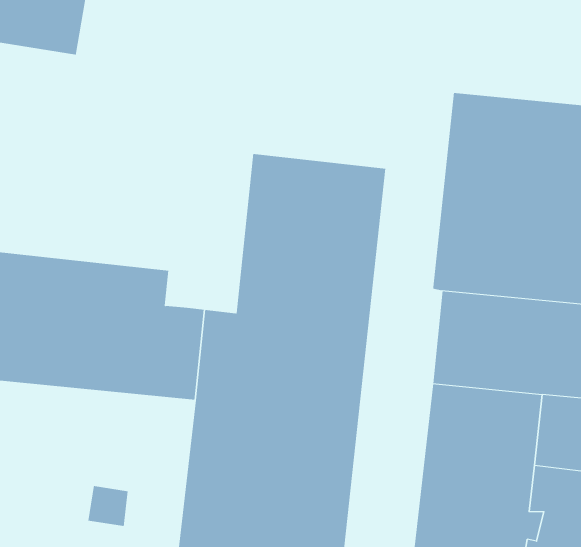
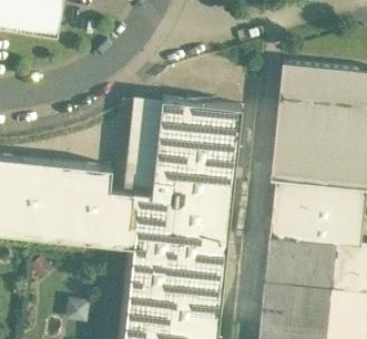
building: none -> [123,96,162,195]

